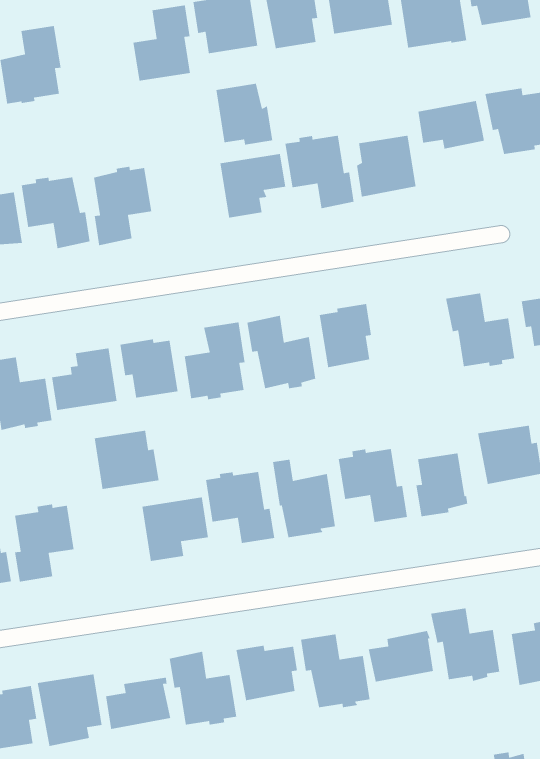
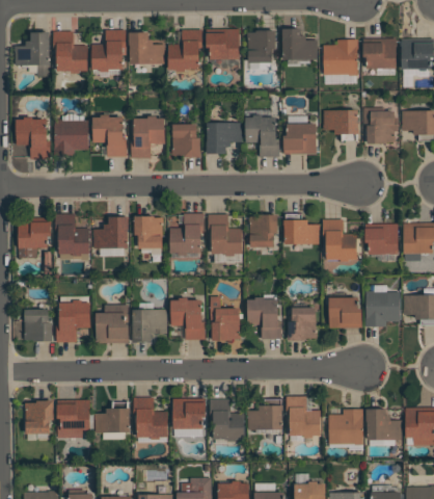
building: none -> [129,32,164,63]
building: [215,83,273,145] -> [172,123,200,157]
building: none -> [283,219,319,244]
building: [94,430,159,490] -> [96,312,129,342]

